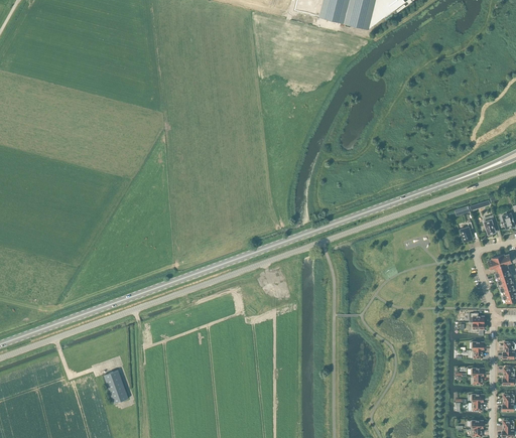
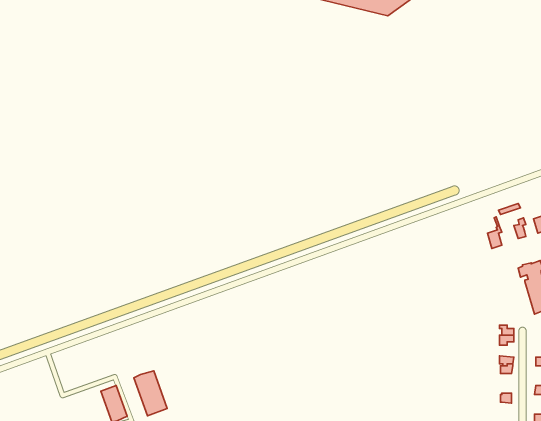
building: none -> [134,371,167,416]

